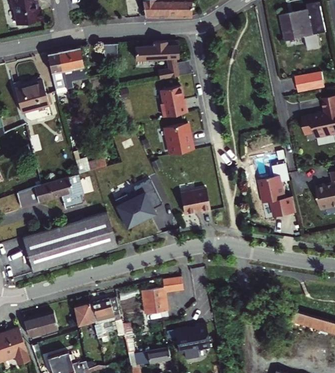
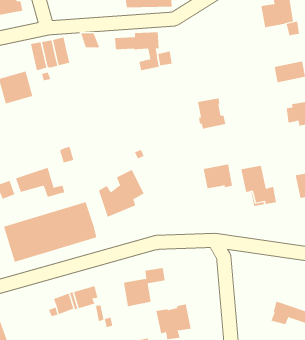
building: [159,90,185,118] -> none
building: [165,124,194,155] -> [197,98,226,129]
building: [185,188,215,213] -> [203,164,233,189]
building: [24,313,58,339] -> none

